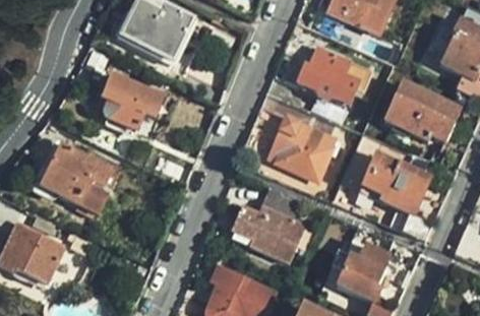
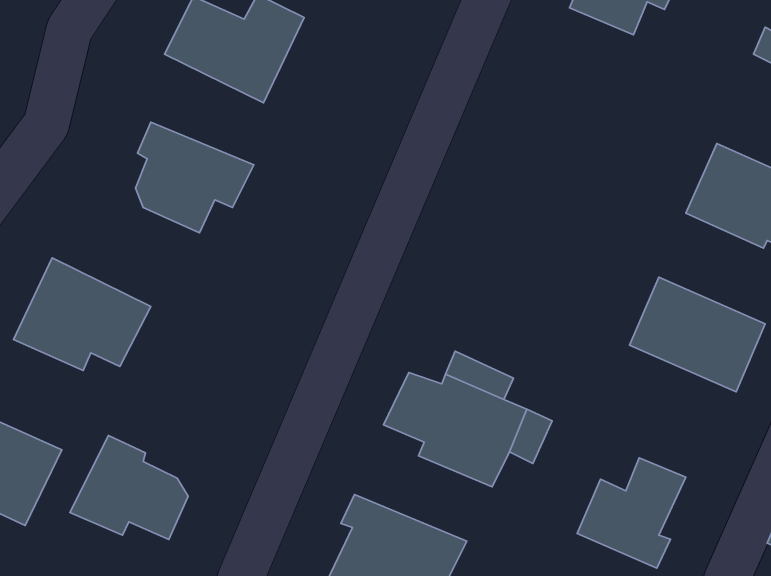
building: [299,48,360,105] -> none
building: [269,117,337,180] -> none
building: none -> [70,436,188,540]

